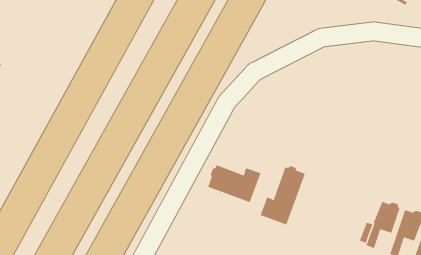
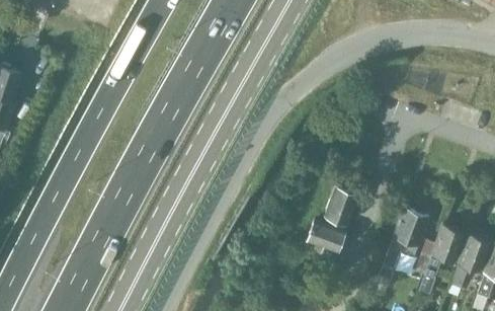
building: [207,164,262,203] -> none
building: none -> [382,209,427,268]

